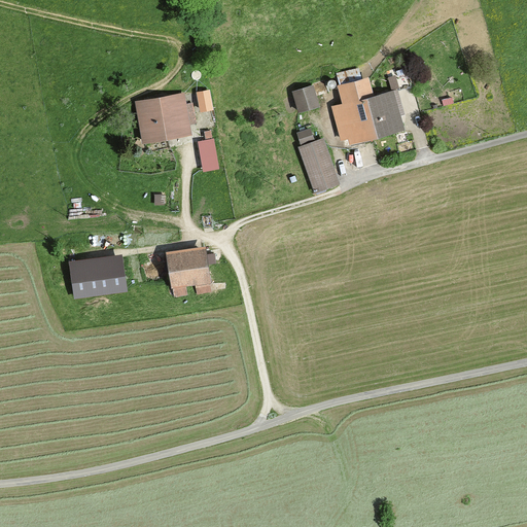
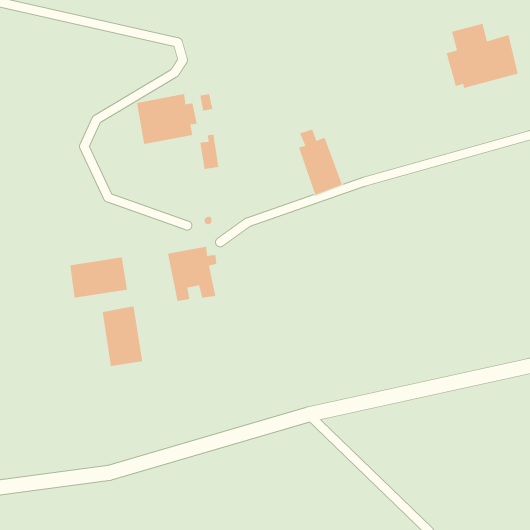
building: [331,77,403,142] -> [446,23,519,89]
building: [292,85,318,110] -> none
building: none -> [102,305,143,367]

